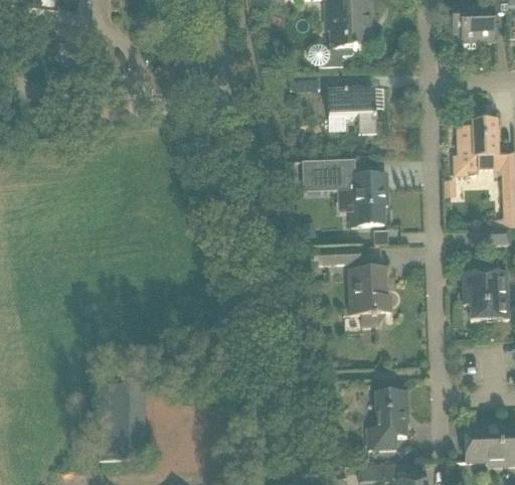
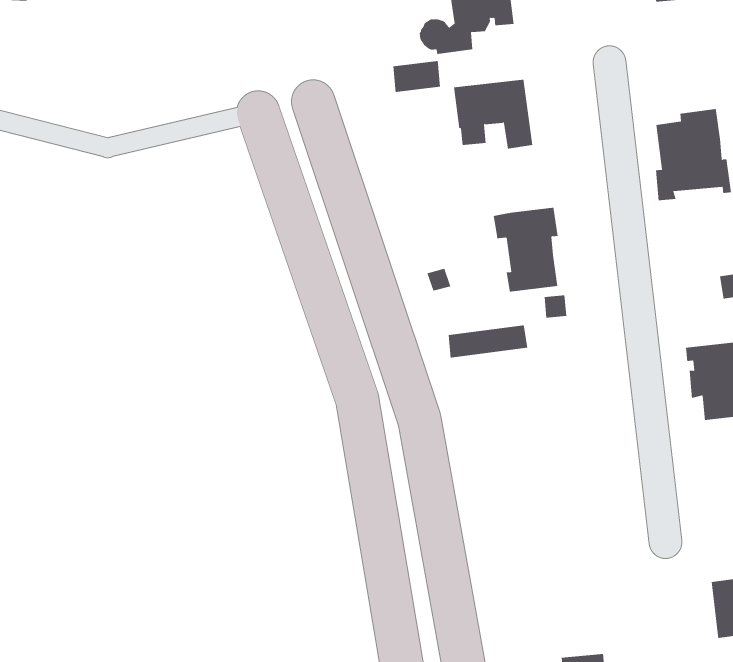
building: [303,158,357,190] -> none
building: [348,267,391,325] -> none
building: [368,390,407,448] -> none

